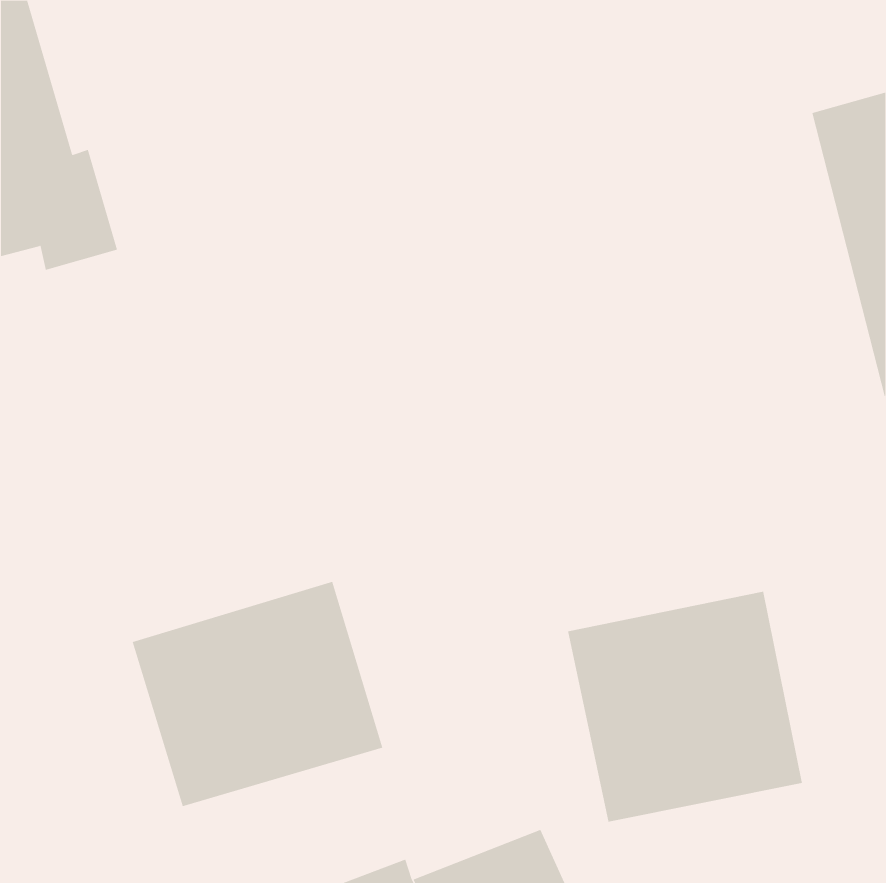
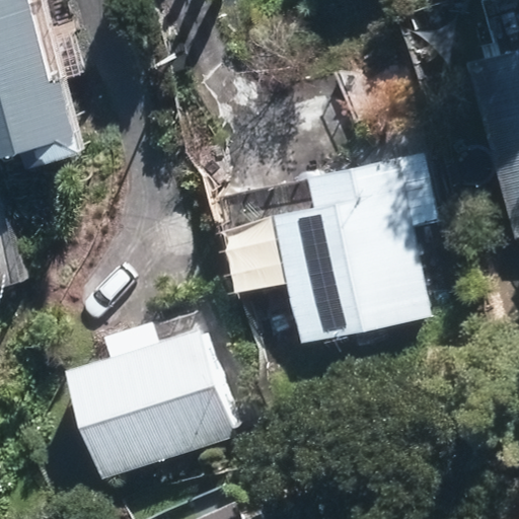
building: none -> [278,200,421,340]
building: [567,591,803,822] -> none

